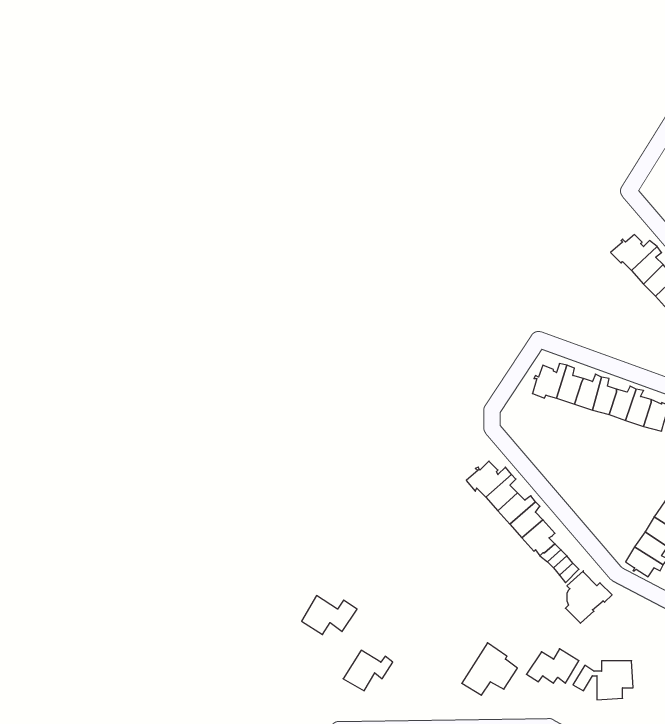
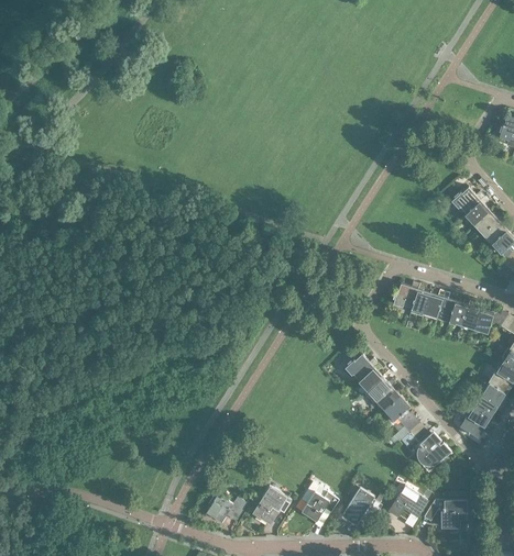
building: [302,596,357,635] -> [205,496,245,524]
building: none -> [299,485,337,523]

